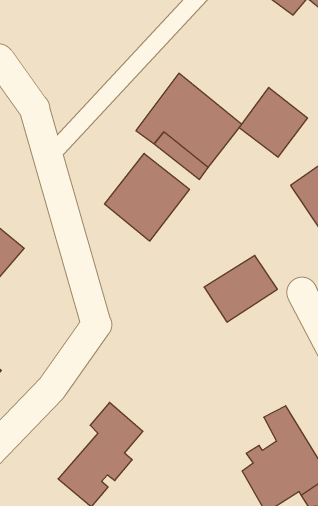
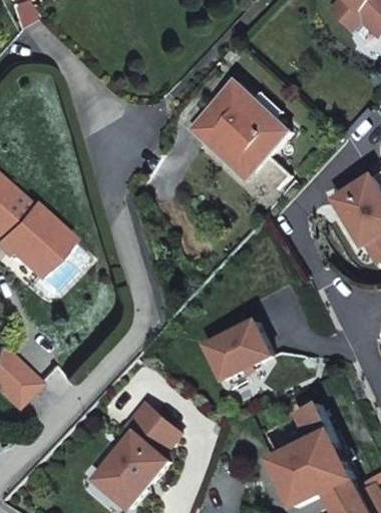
building: [239,87,308,157] -> none
building: [105,153,189,241] -> none
building: [204,255,277,322] -> [202,320,273,383]

